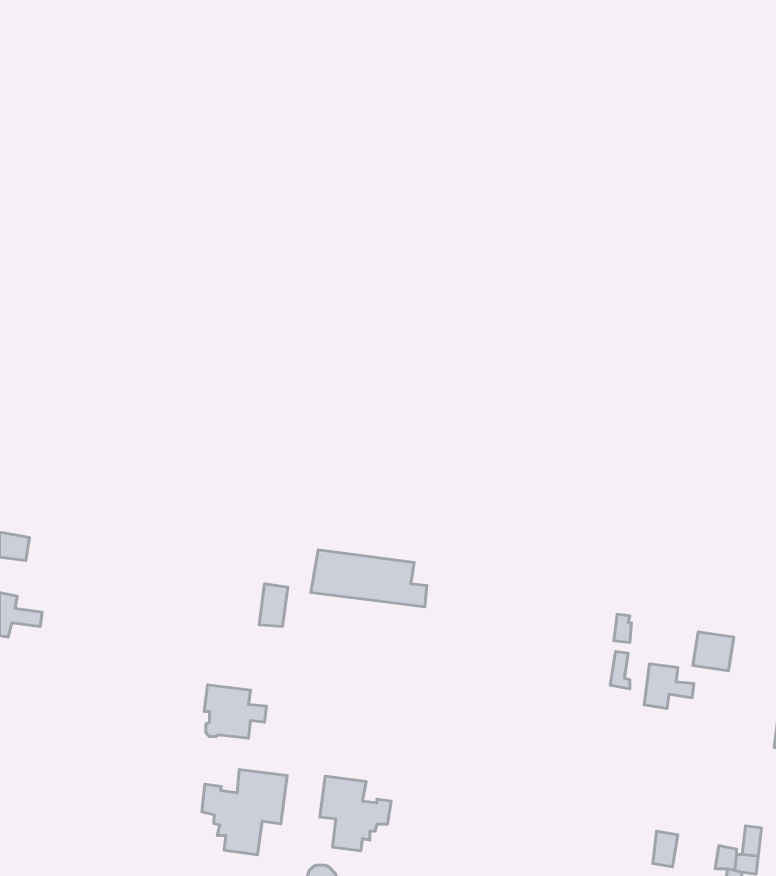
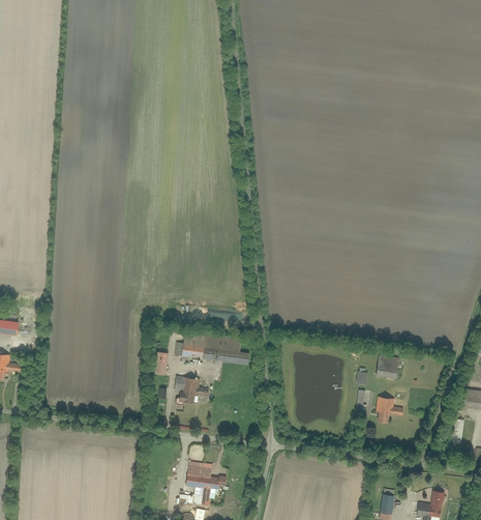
building: [693,632,734,671] -> [375,354,399,377]
building: [204,685,266,738] -> [174,375,210,406]
building: [202,769,287,855] -> none

